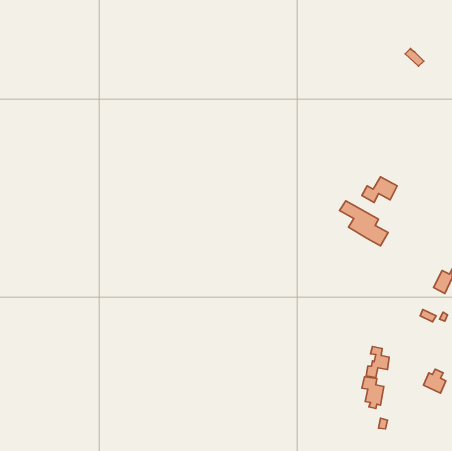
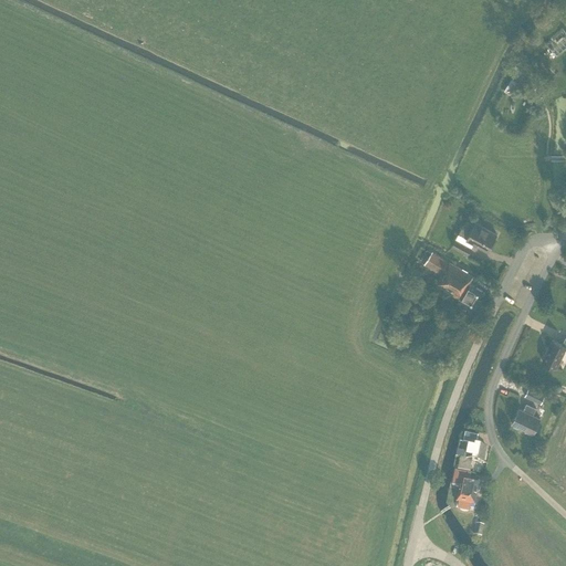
building: [424,369,446,393] -> [512,402,539,432]

